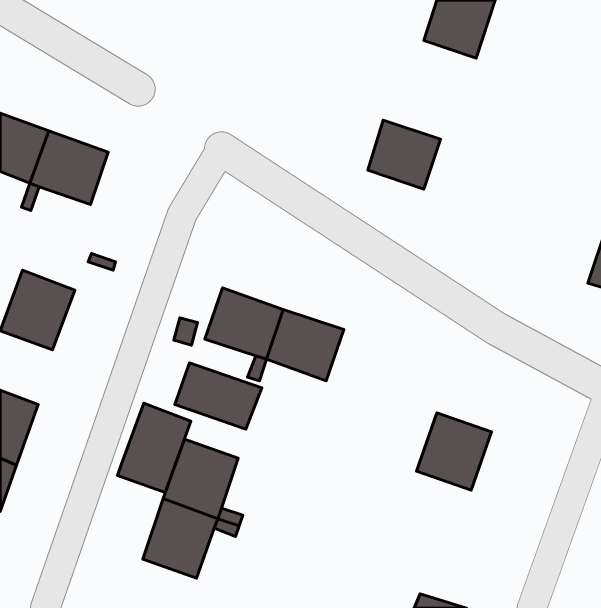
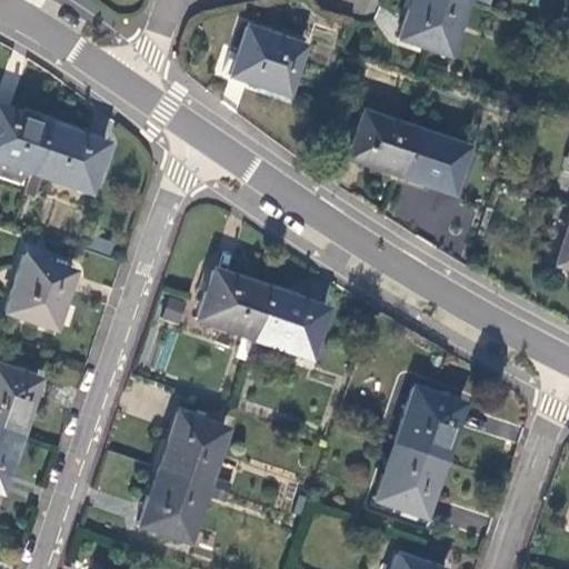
building: none -> [233,27,308,94]
building: none -> [402,130,469,193]
building: [175,363,262,429] -> none
building: [117,403,191,492] -> none
building: none -> [377,440,447,515]

